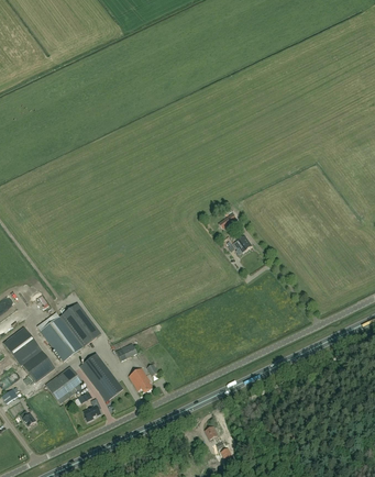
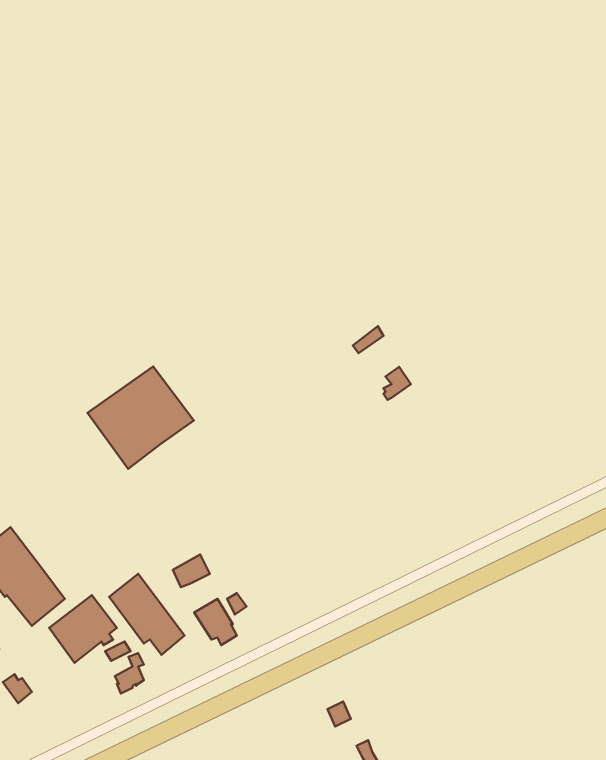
building: [40,303,100,362] -> [87,366,194,469]

